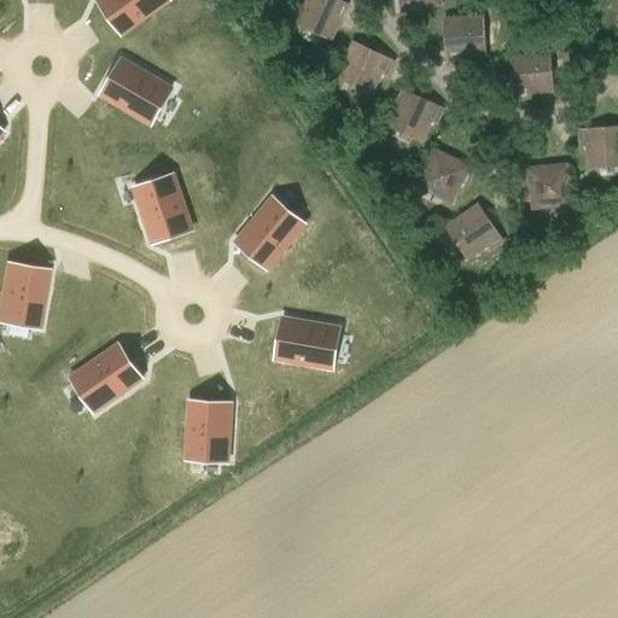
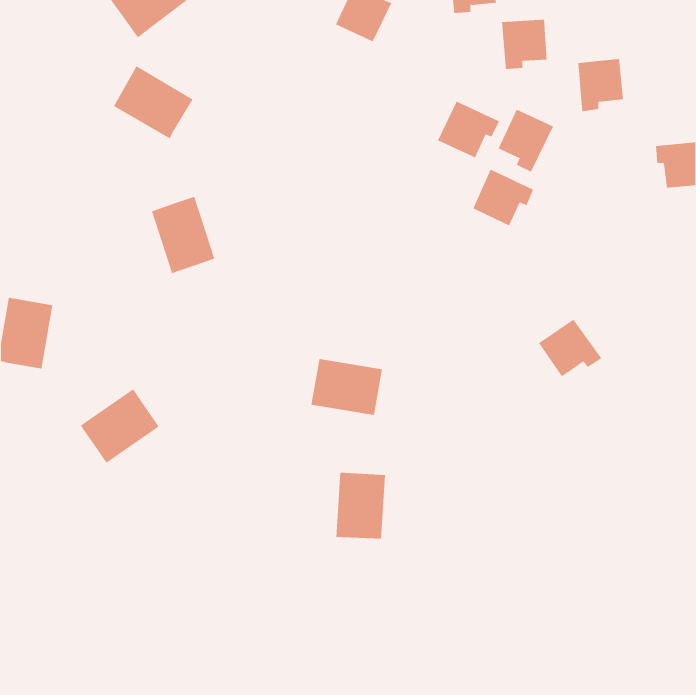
building: [338,41,393,92] -> none
building: none -> [498,109,554,172]
building: [524,164,570,206] -> none
building: [235,197,304,268] -> none
building: [447,205,503,257] -> [538,319,602,377]
building: [186,401,231,460] -> [335,472,386,539]

